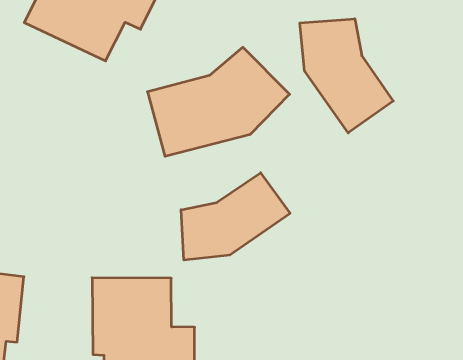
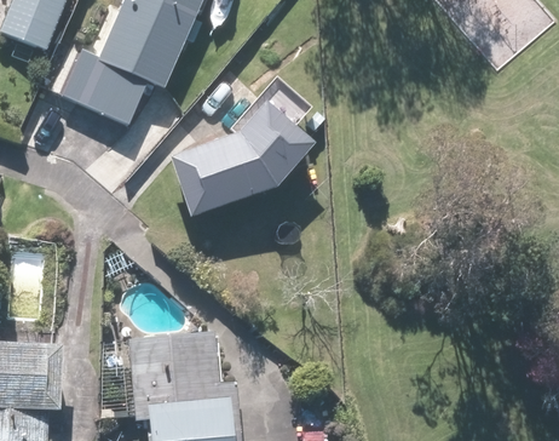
building: [300,19,393,133] -> none
building: [181,173,290,260] -> none

